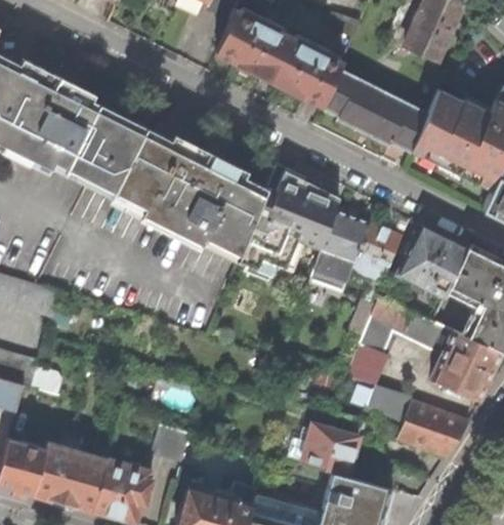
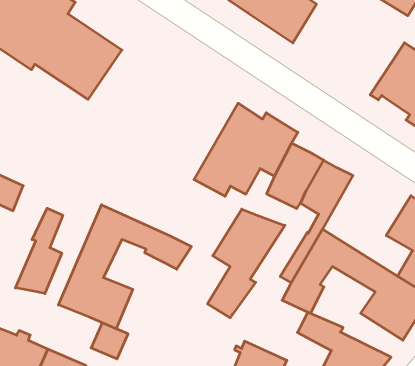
building: [324,70,428,149] -> none
building: [113,128,268,261] -> none
building: [400,226,467,297] -> none
building: none -> [208,209,285,318]
building: none -> [58,205,191,329]
building: none -> [15,208,63,294]

